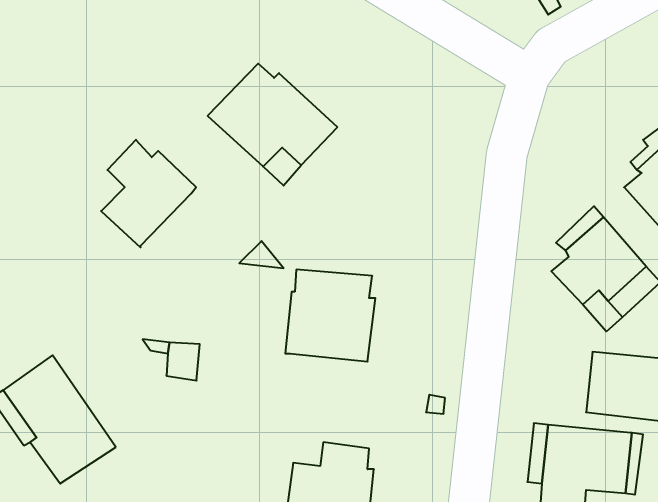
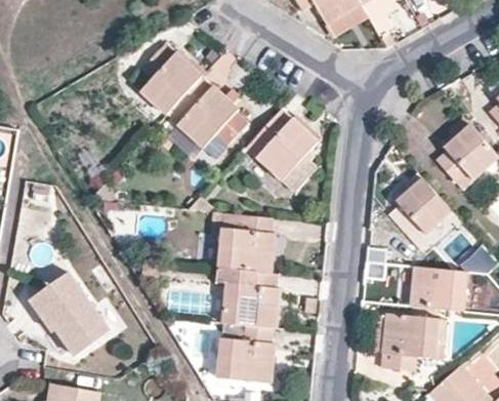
building: none -> [234,110,317,191]
building: [101,140,196,247] -> [140,44,202,114]
building: none -> [217,267,280,328]

